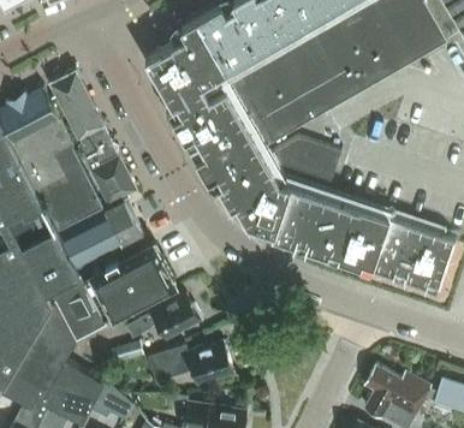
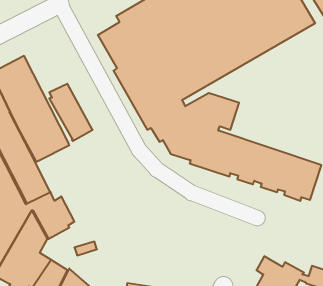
building: [50,70,103,137] -> none
building: [63,201,144,267] -> none
building: [93,242,177,316] -> none
building: [126,295,201,338] -> none
building: [148,341,233,386] -> none

